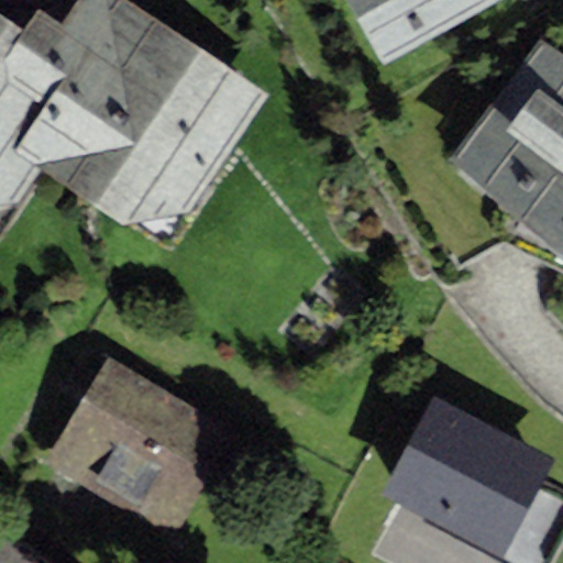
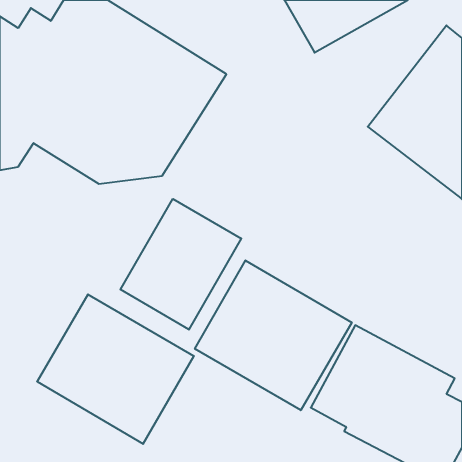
building: none -> [120,199,241,330]
building: none -> [195,260,352,410]

